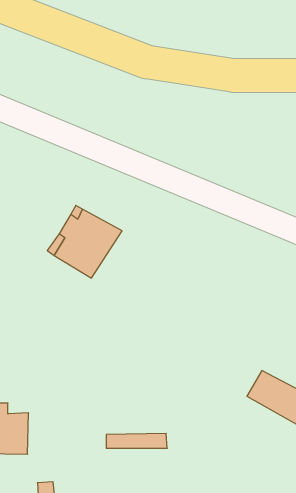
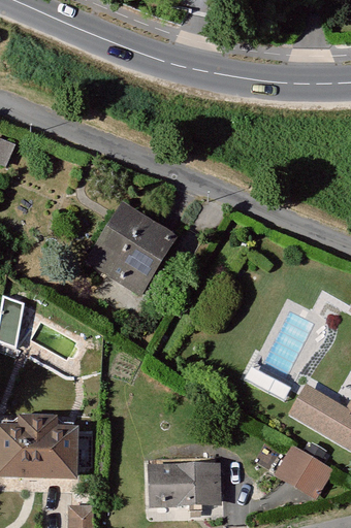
building: none -> [282,450,336,499]
building: none -> [150,470,214,503]

